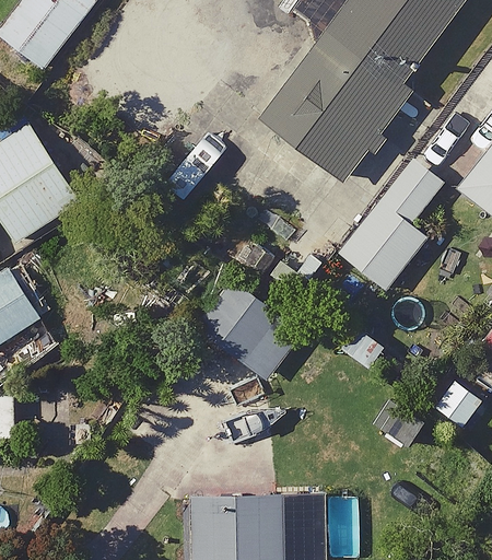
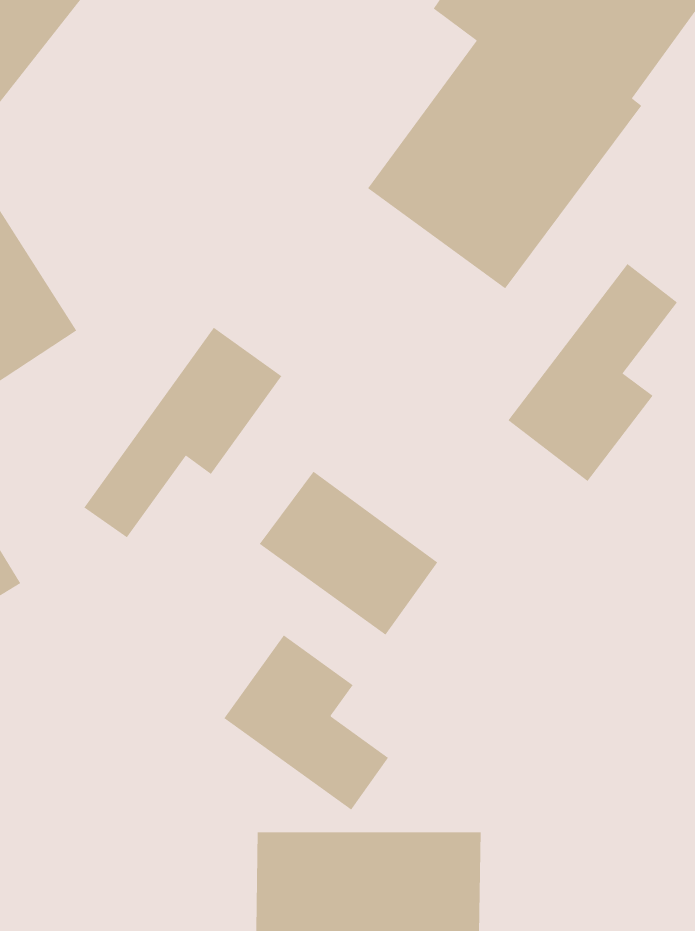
building: none -> [83,327,282,538]
building: none -> [224,635,389,811]

